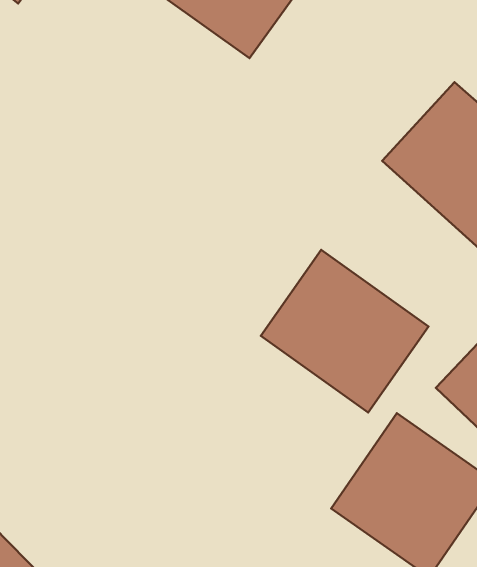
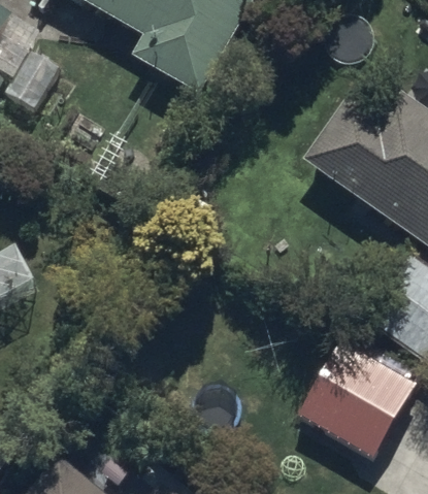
building: [261,250,428,412] -> none

